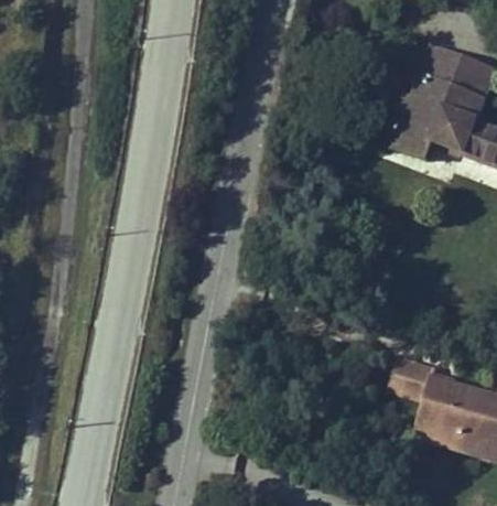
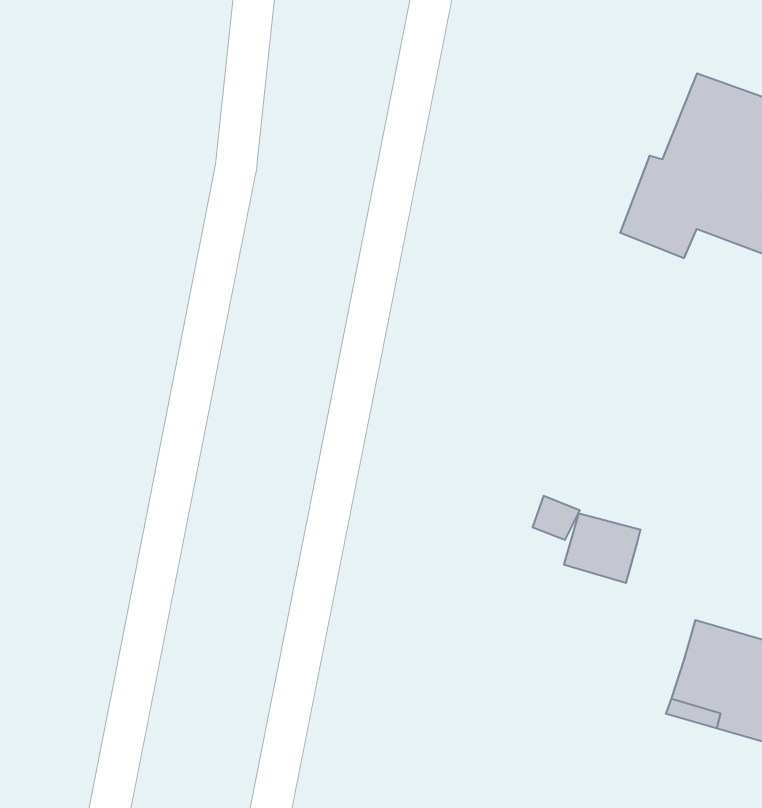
building: [391,359,437,401] -> [564,513,641,583]

